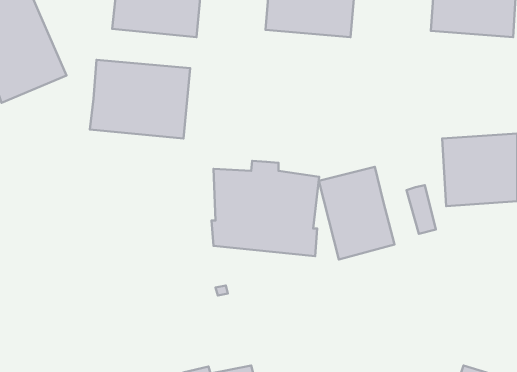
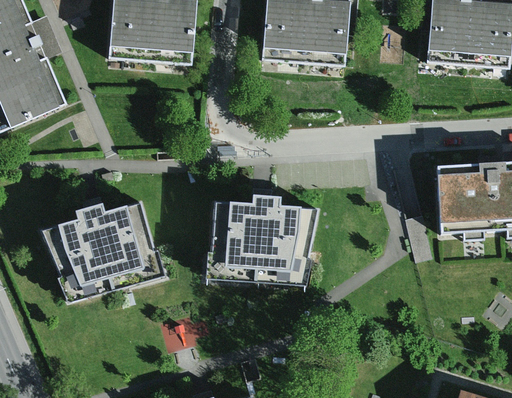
building: [90,60,190,139] -> none
building: [319,167,394,259] -> none
building: none -> [39,198,163,298]

